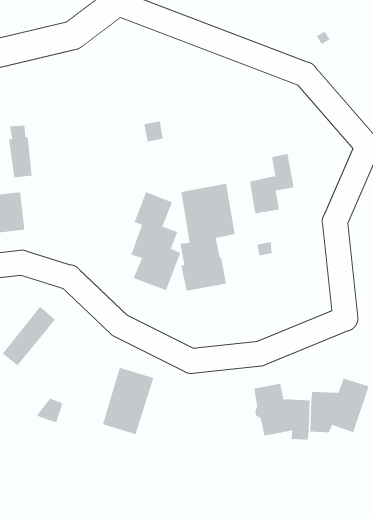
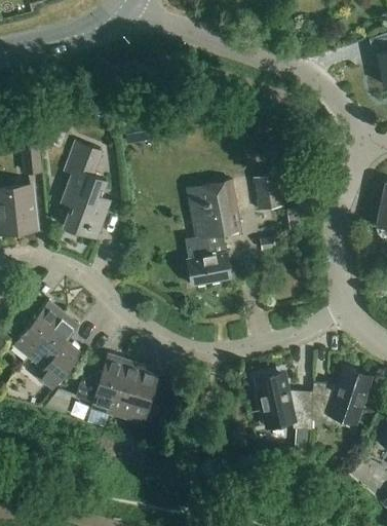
building: [131,191,181,291] -> [62,142,111,238]
building: none -> [29,313,83,389]
building: none -> [76,353,127,415]

